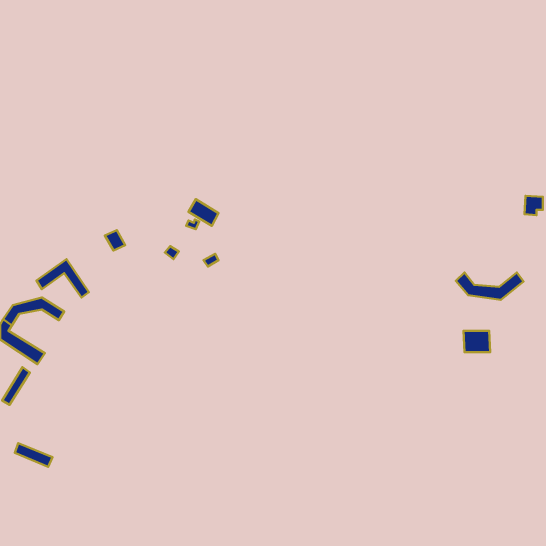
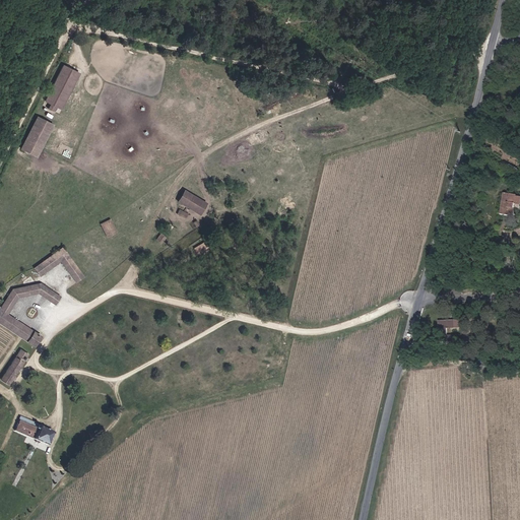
building: none -> [43,69,77,115]
building: none -> [18,121,51,161]
building: [456,273,524,300] -> none

